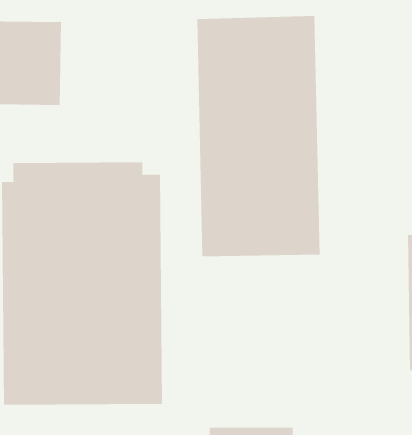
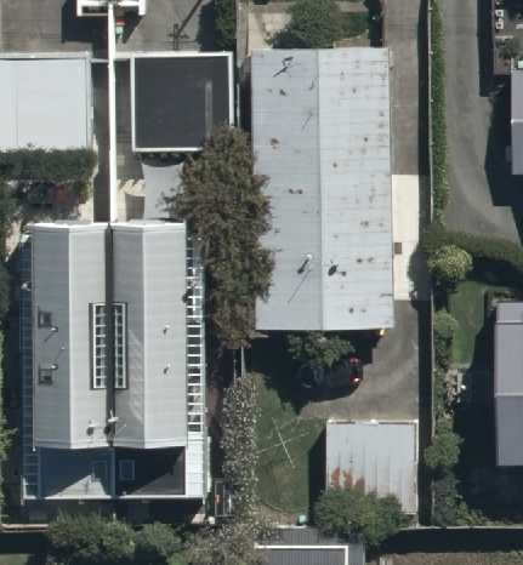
building: none -> [131,56,233,153]
building: none -> [325,422,417,510]

